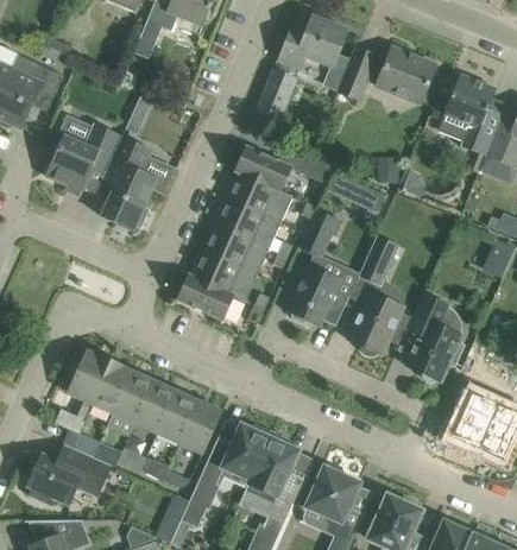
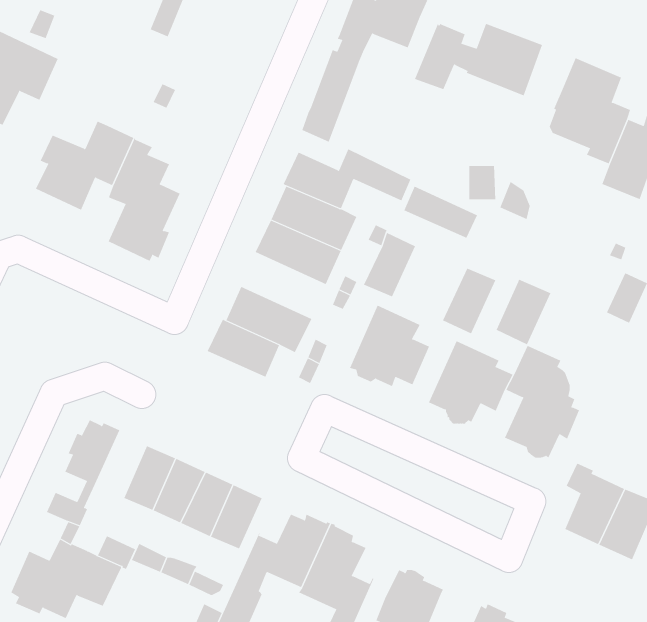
building: [203,223,269,274] -> none
building: none -> [496,279,551,345]
building: [92,360,131,412] -> none

